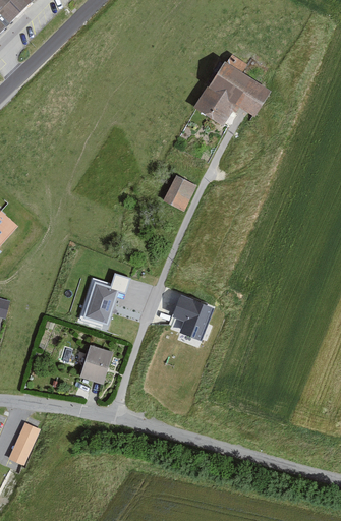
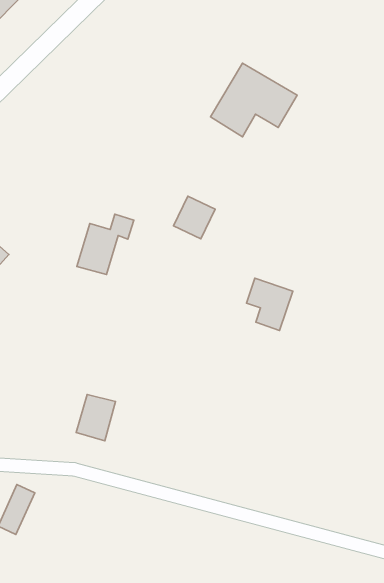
building: [81,272,130,324] -> [77,214,134,275]
building: [172,294,212,339] -> [246,278,293,330]

